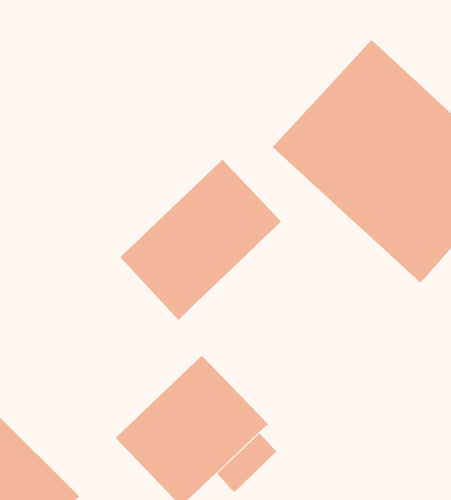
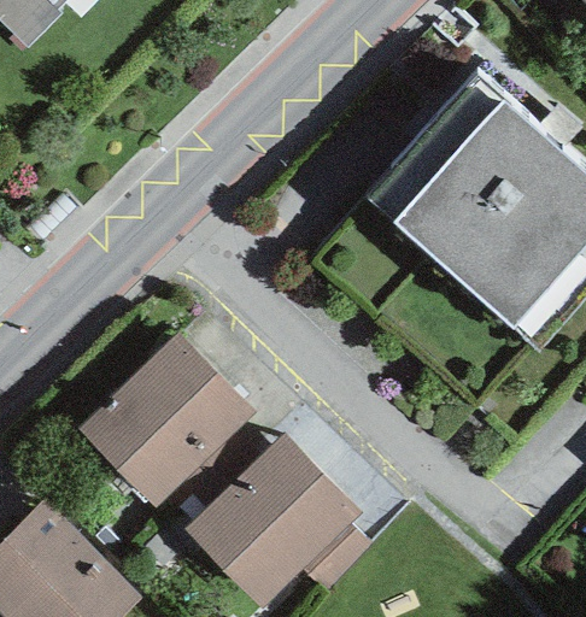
building: [119,159,282,321] -> none
building: none -> [76,333,258,512]

